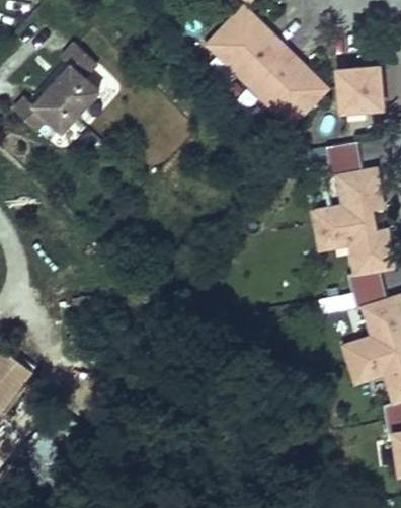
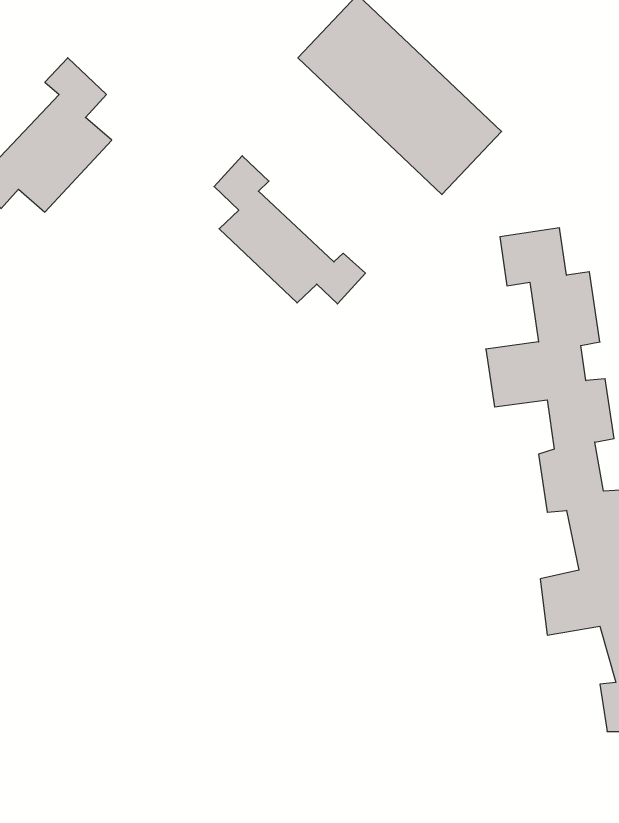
building: [334,62,378,108] -> none
building: none -> [214,156,365,304]

